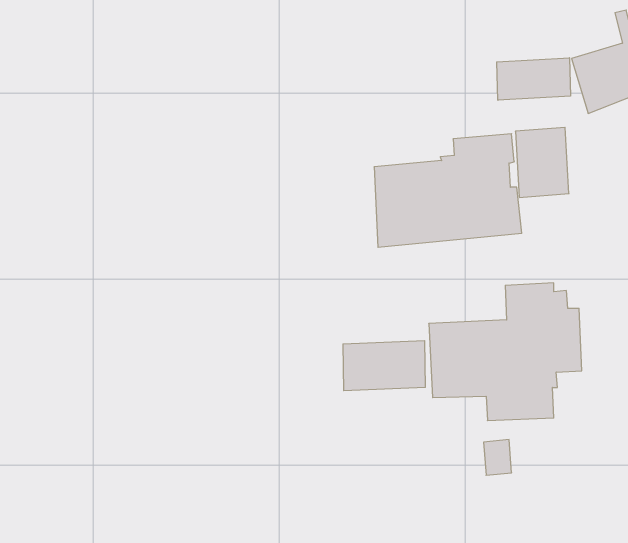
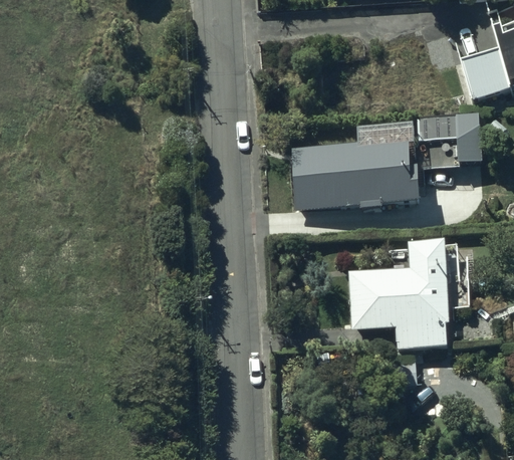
building: [497,58,570,100] -> none
building: [343,341,425,391] -> none

